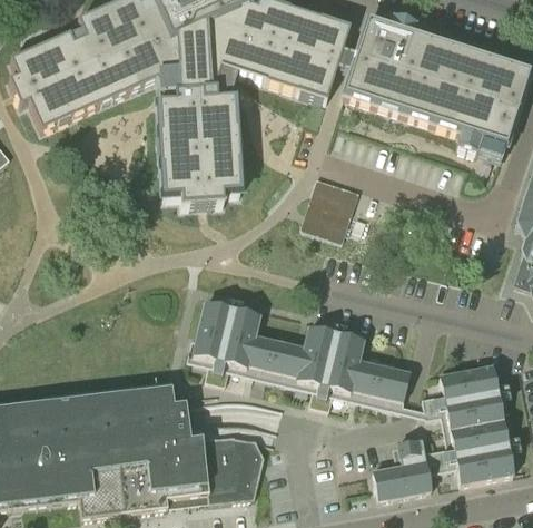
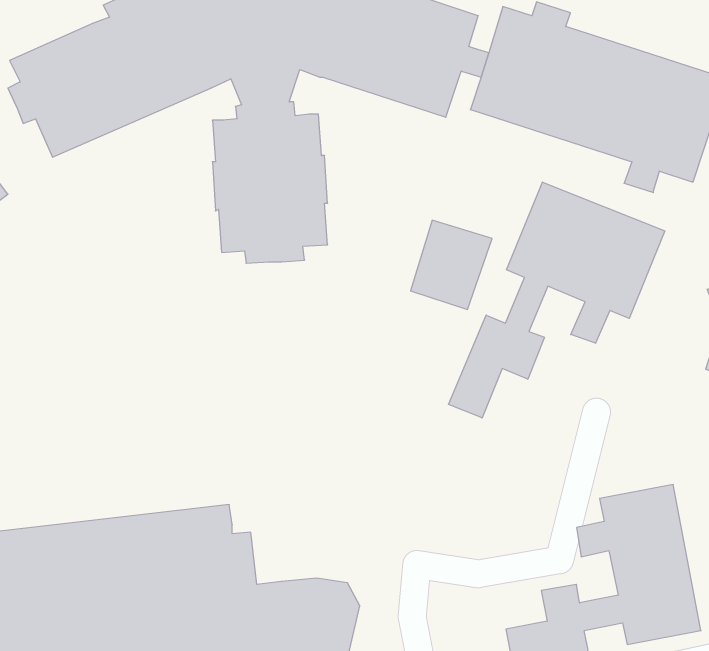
building: none -> [449,182,665,418]
building: [190,301,408,409] -> none

